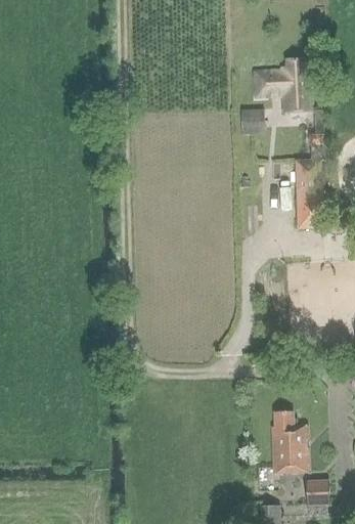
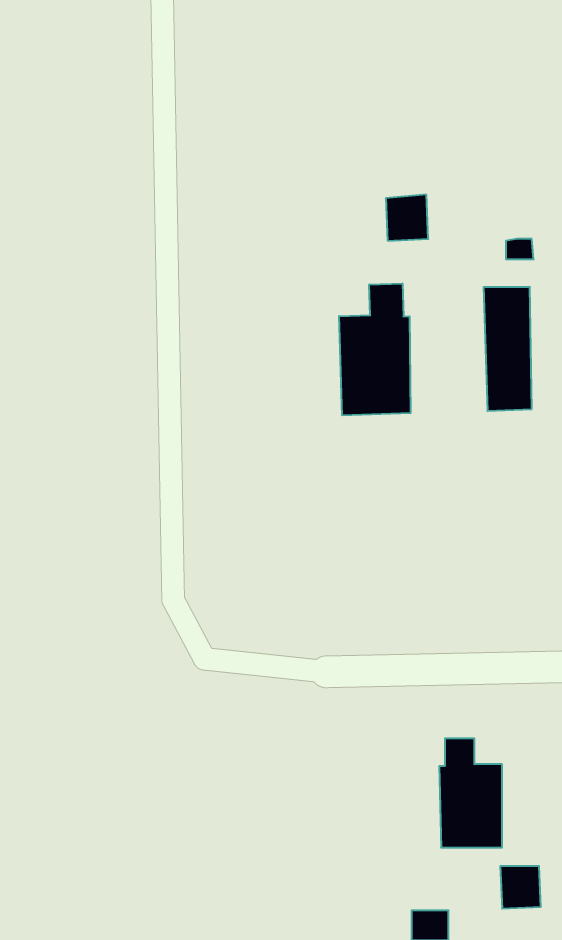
building: [256,57,313,112] -> none
building: none -> [339,283,410,415]

